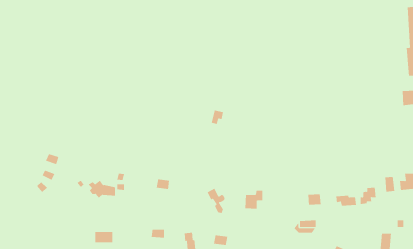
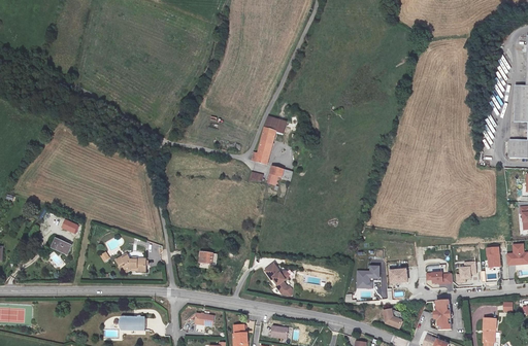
building: none -> [252,126,277,162]
building: [244,190,263,209] -> [356,265,380,288]
building: none -> [435,300,451,328]

